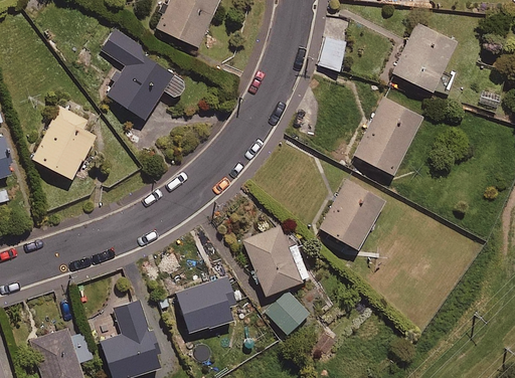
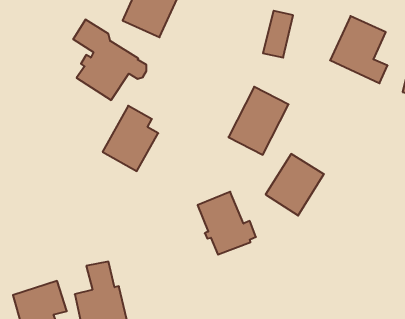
building: [354,98,422,175] -> [228,87,289,155]
building: [31,106,95,180] -> [103,106,158,171]
building: [176,276,236,334] -> none
building: [265,289,309,333] -> none

